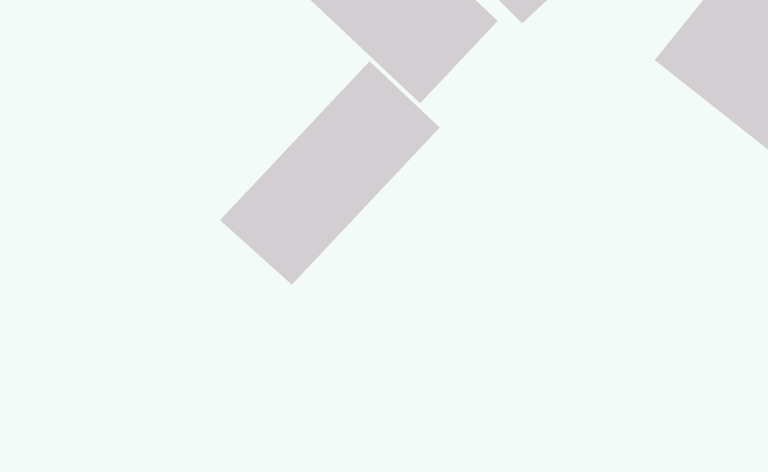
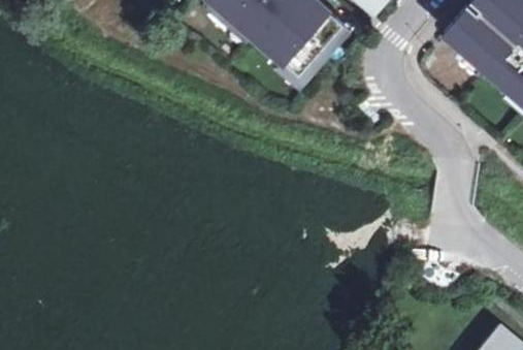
building: [219,60,441,285] -> none

